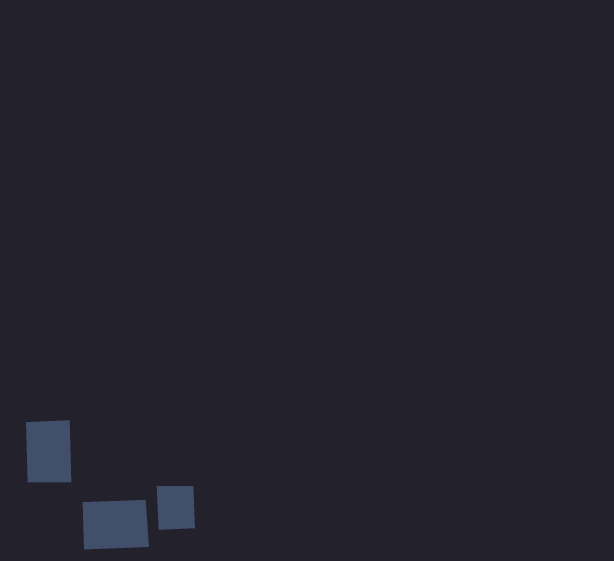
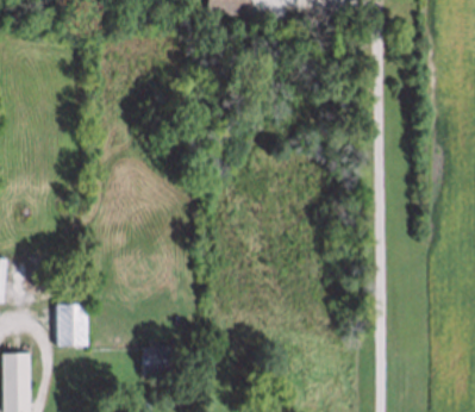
building: [82,499,150,550] -> none

